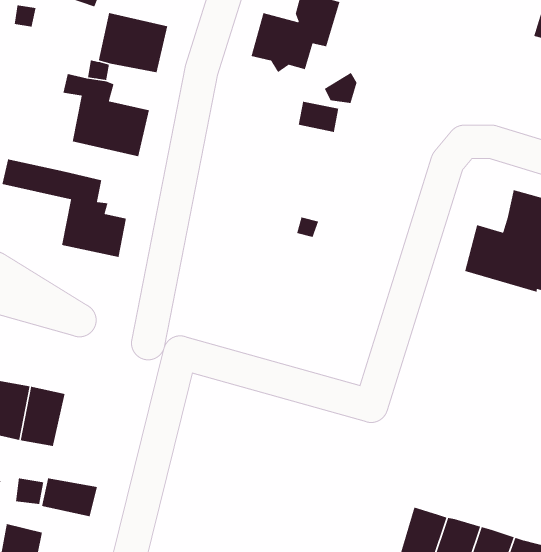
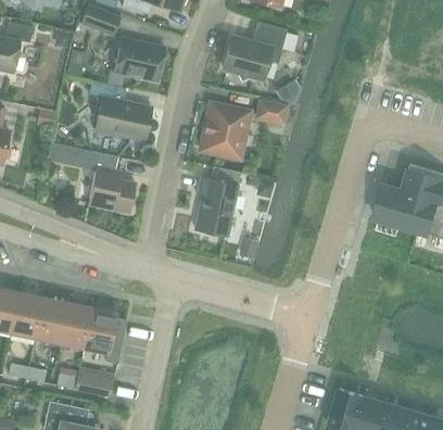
building: none -> [201,103,249,159]
building: none -> [194,167,240,236]
building: none -> [83,308,126,364]

